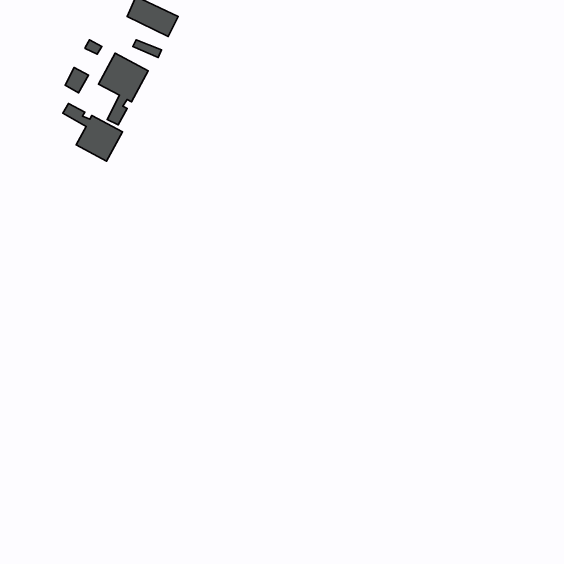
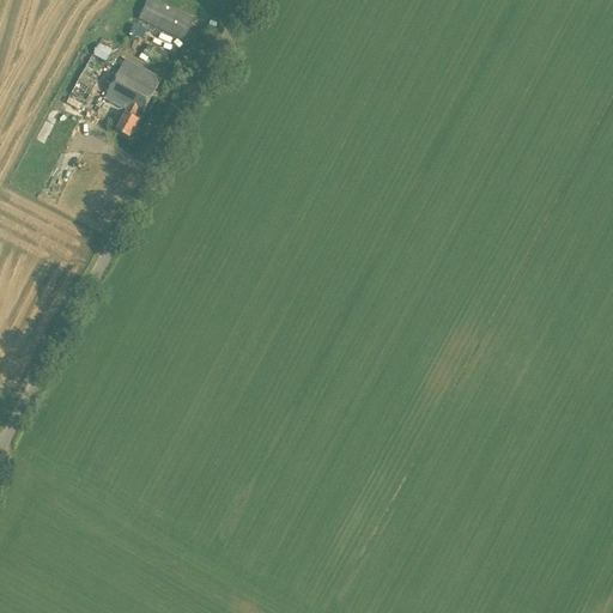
building: [63,104,122,161] -> none

